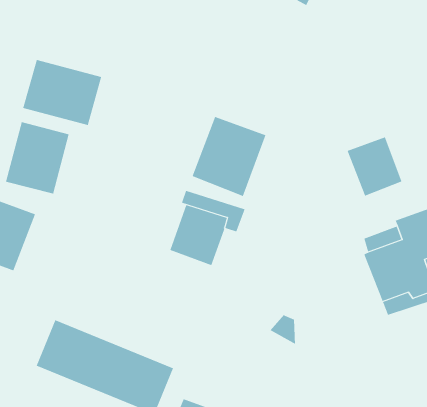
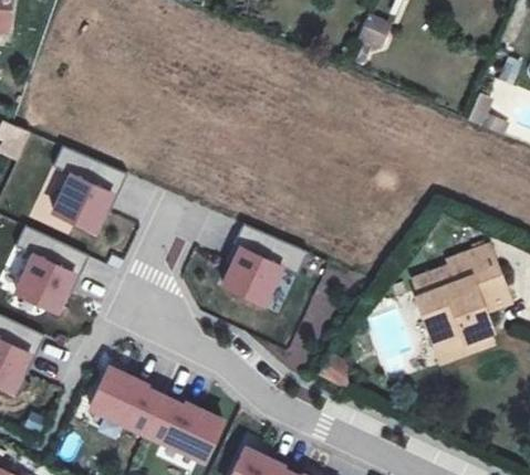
building: [22,59,102,126] -> none
building: [192,116,266,197] -> none
building: [347,137,402,197] -> none

